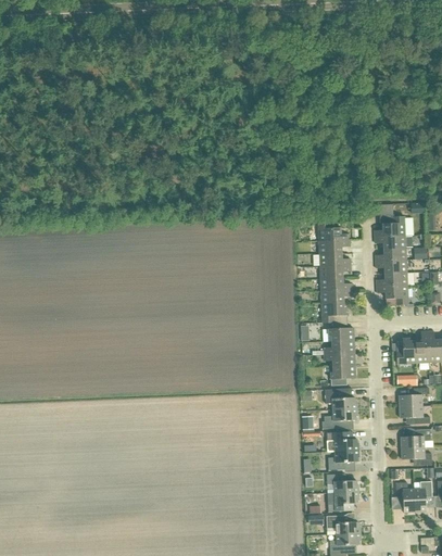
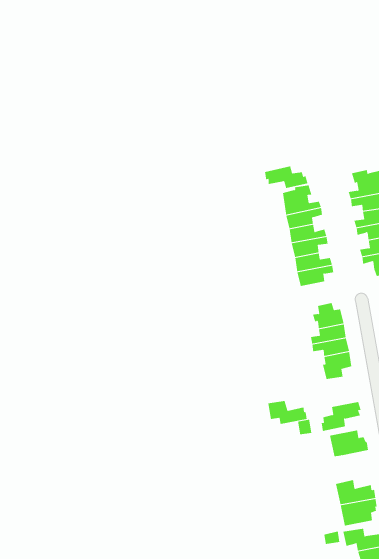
building: none -> [265,166,308,189]
building: [321,303,346,323] -> none
building: [325,390,356,409] -> [268,401,307,425]
building: [328,451,359,470] -> none

